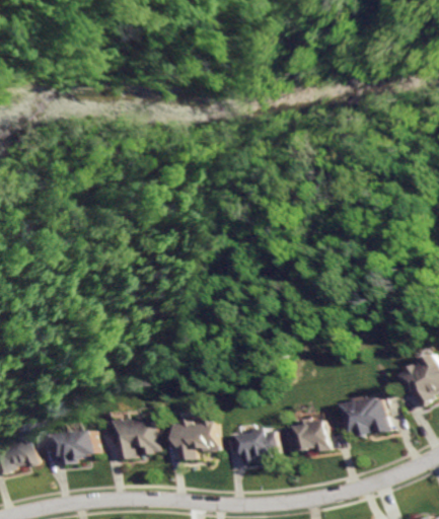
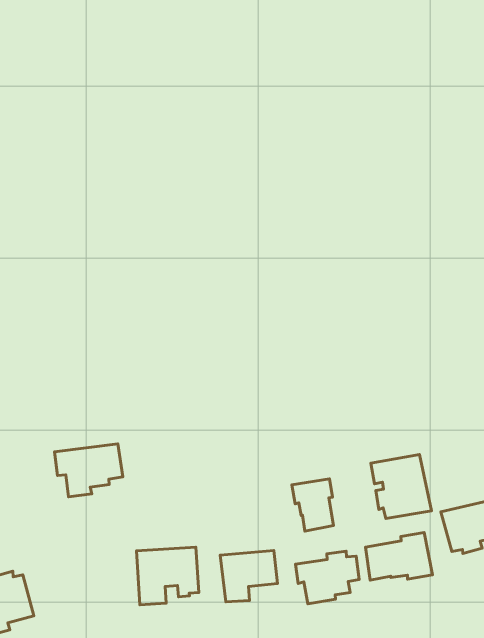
building: none -> [371,454,431,519]
building: none -> [292,479,334,531]
building: [51,428,99,464] -> [54,444,123,497]

